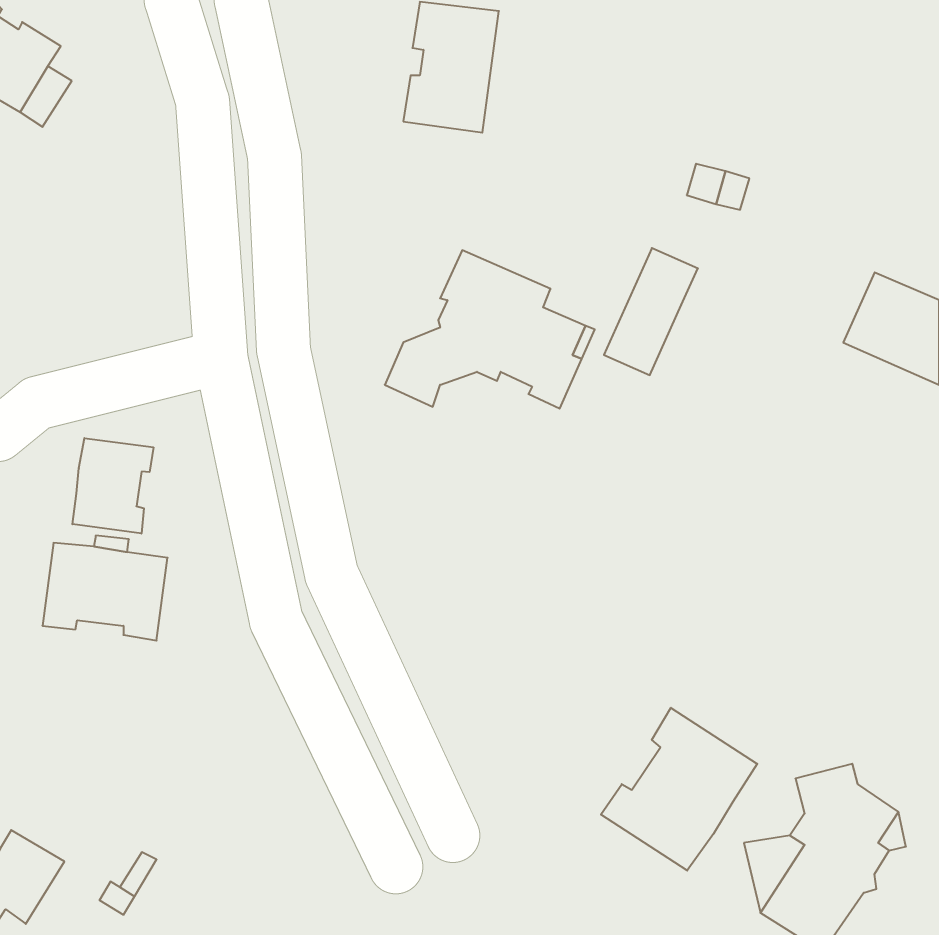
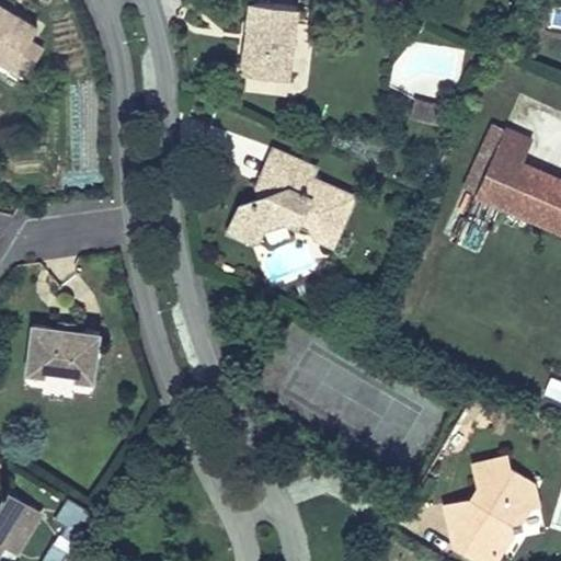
building: [604,248,698,375] -> [474,131,530,207]
building: [72,438,153,534] -> none
building: [601,708,757,871] -> none

